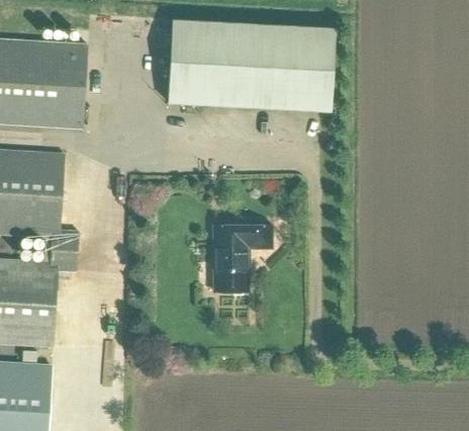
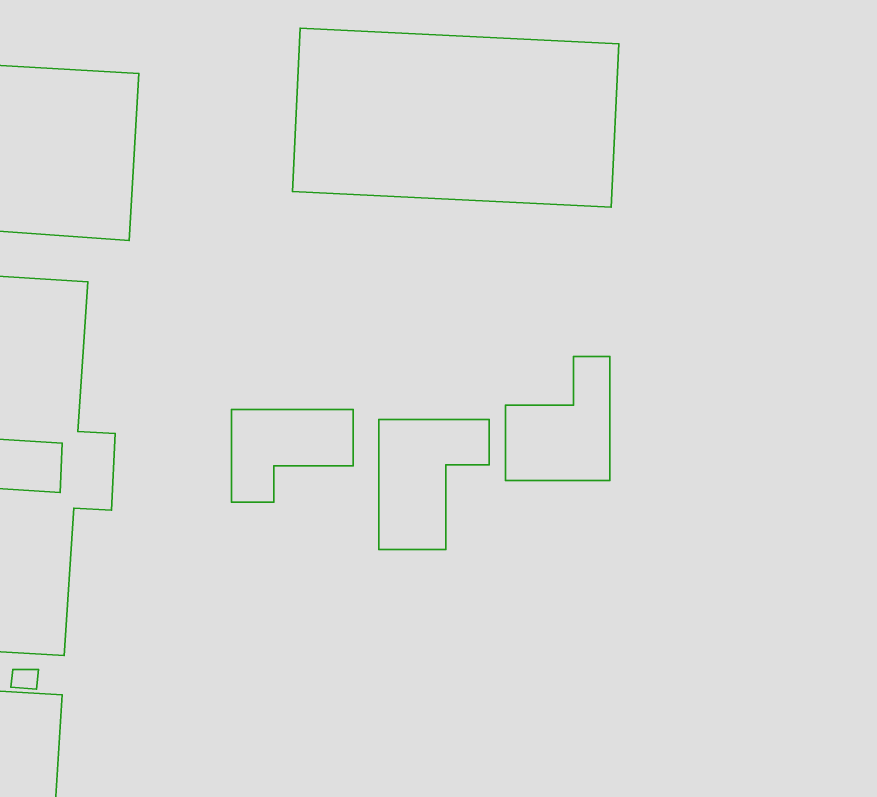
building: none -> [506,356,610,481]
building: none -> [231,410,353,502]

